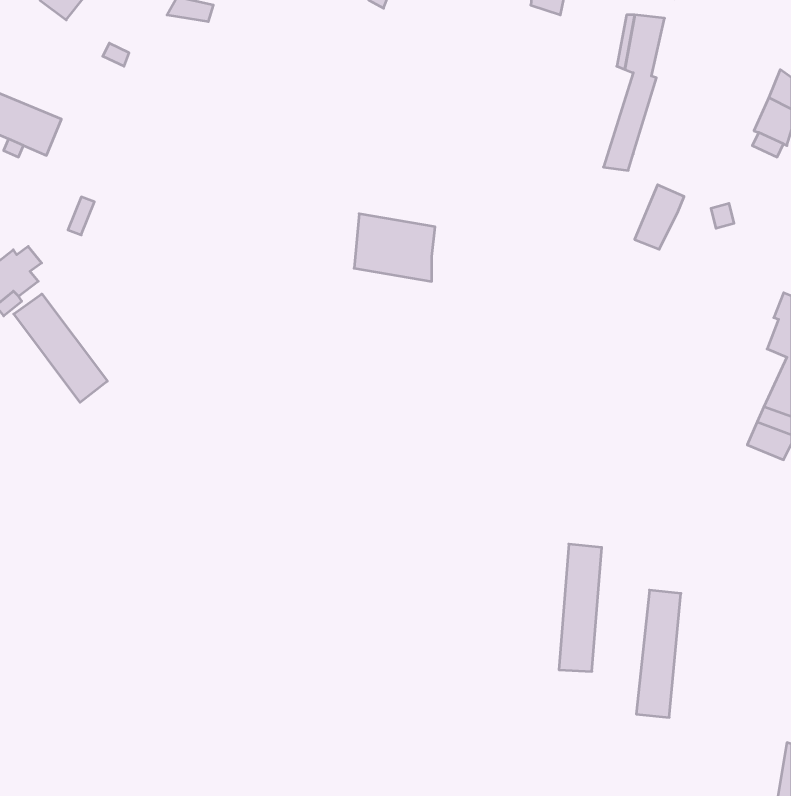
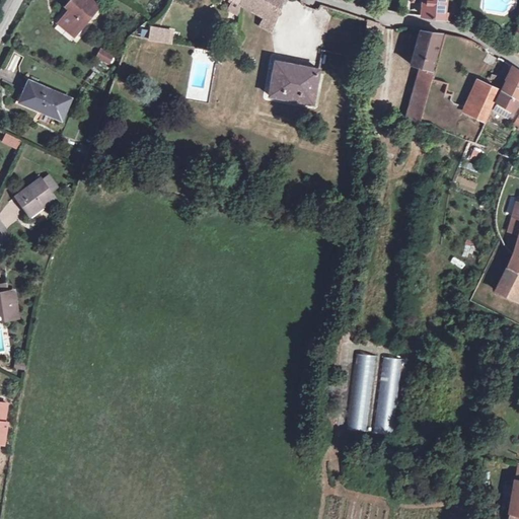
building: [635,185,684,249] -> [465,84,496,124]
building: [354,214,435,281] -> [271,60,320,101]
building: [14,294,107,402] -> none
building: [636,590,681,717] -> [348,352,375,430]

